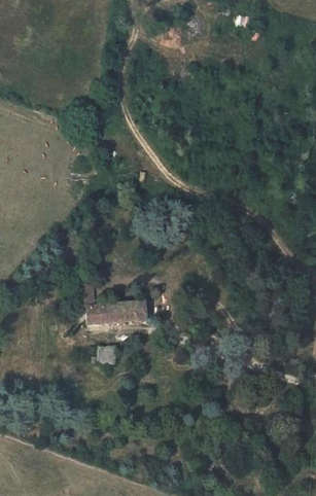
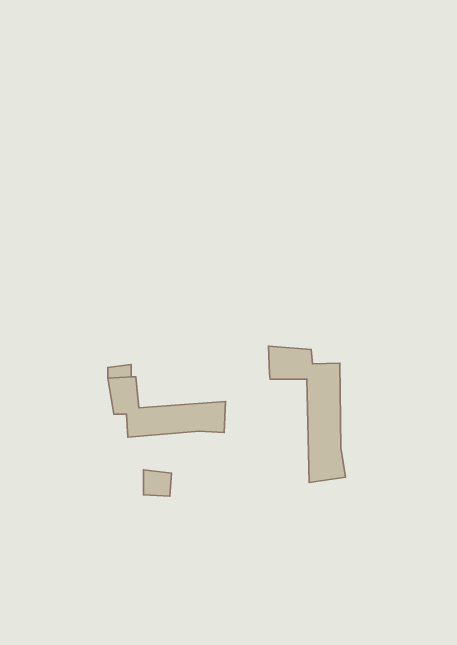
building: none -> [269,346,345,482]

